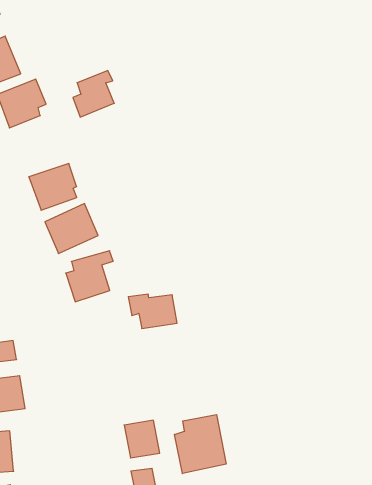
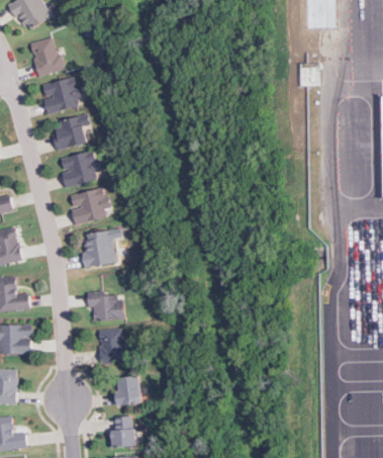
building: [73,71,114,117] -> [53,114,88,151]
building: [128,294,177,329] -> [85,292,123,320]
building: none -> [97,329,125,364]
building: [174,415,226,474] -> none

